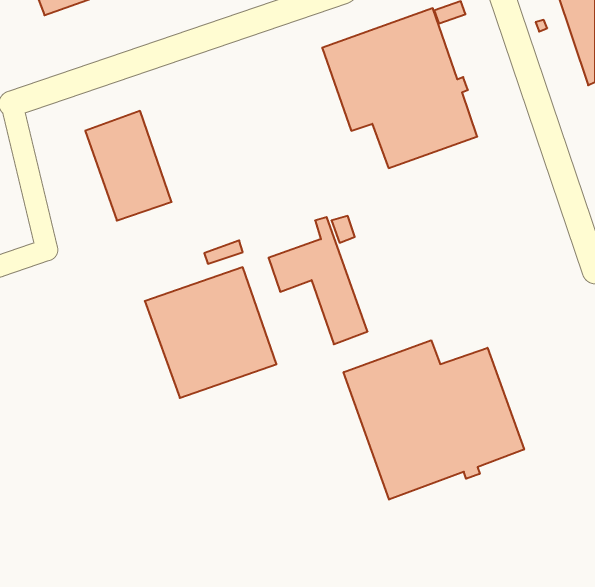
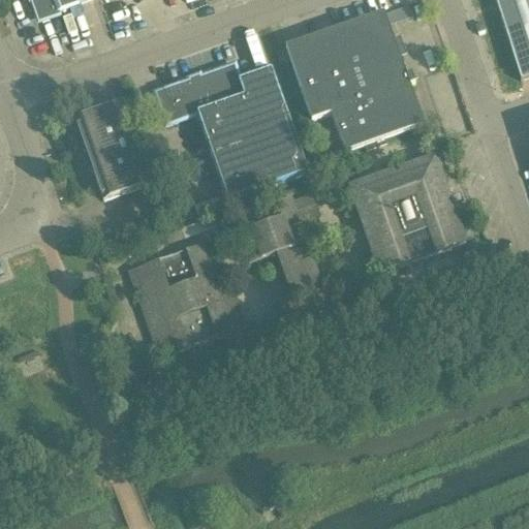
building: none -> [154,60,307,195]
building: none -> [348,152,465,269]
building: [344,340,524,500] -> none

